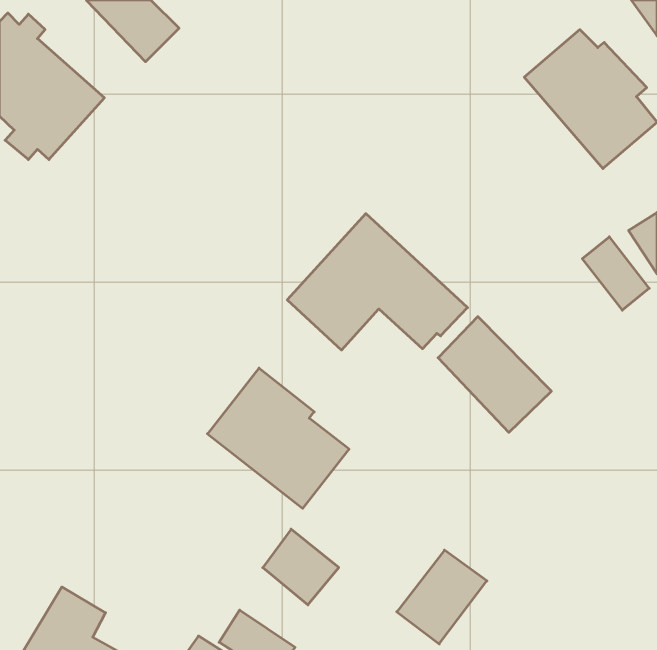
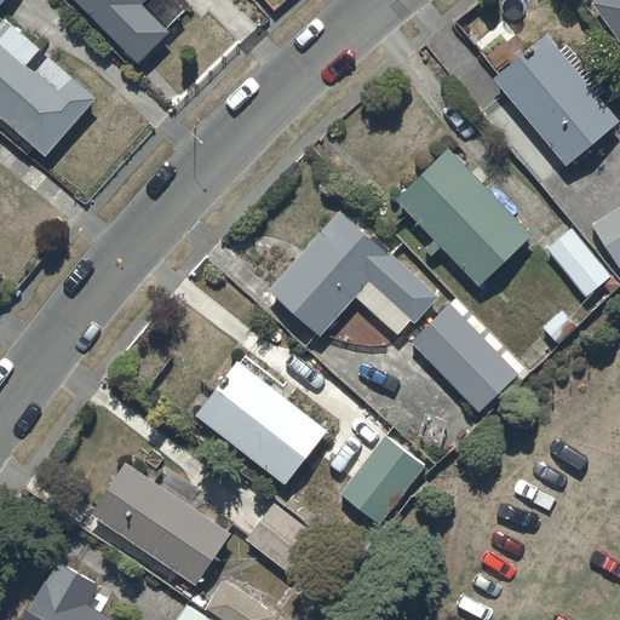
building: none -> [394,149,532,287]
building: none -> [90,463,230,591]
building: [397,550,487,644] -> [340,437,425,526]

